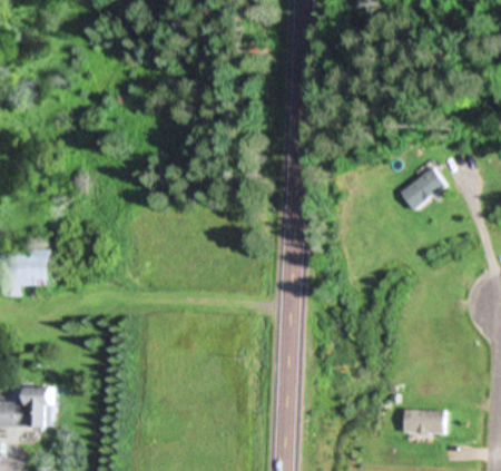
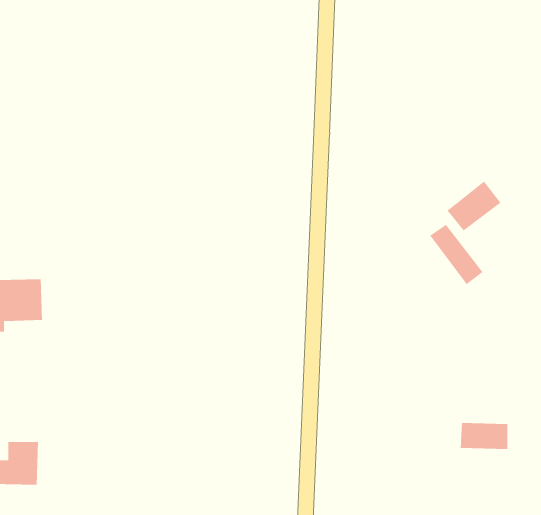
building: none -> [429,224,483,285]
building: [404,410,445,433] -> [460,422,508,450]

